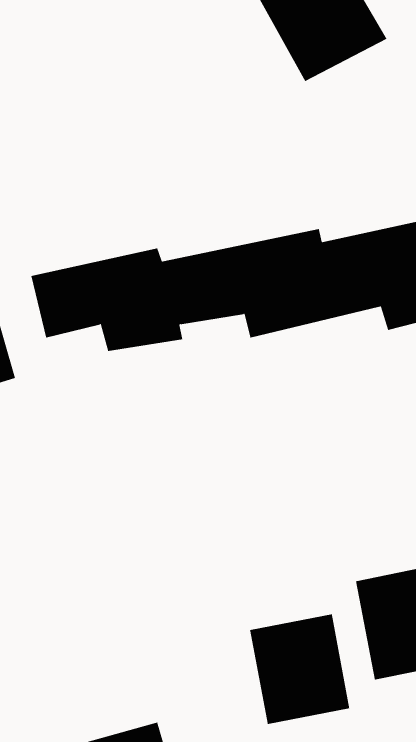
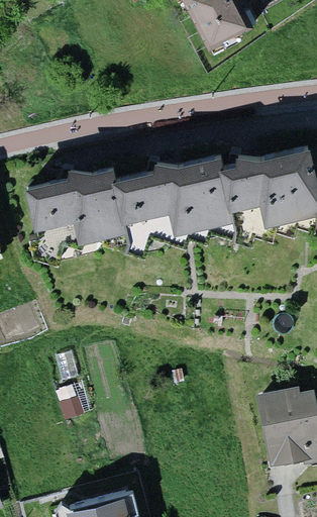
building: [250,613,350,725] -> none

